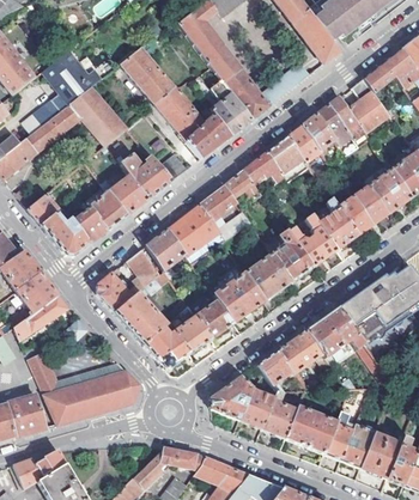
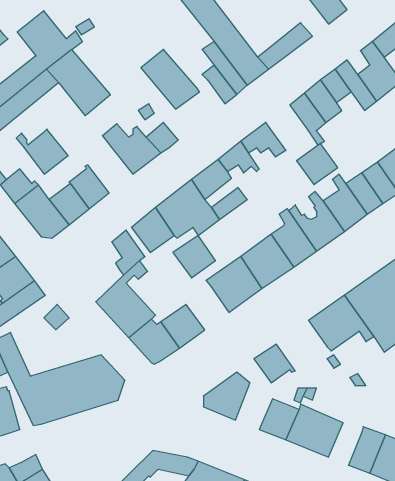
building: [121,47,175,103] -> none
building: [186,114,230,157] -> none
building: [267,136,304,173] -> [297,143,338,185]
building: [101,175,147,215] -> [16,129,68,174]
building: [96,268,139,313] -> none
building: [195,300,233,339] -> [173,235,215,278]
building: [277,330,322,376] -> none
building: [239,390,274,428] -> none
building: [323,411,353,461] -> none

